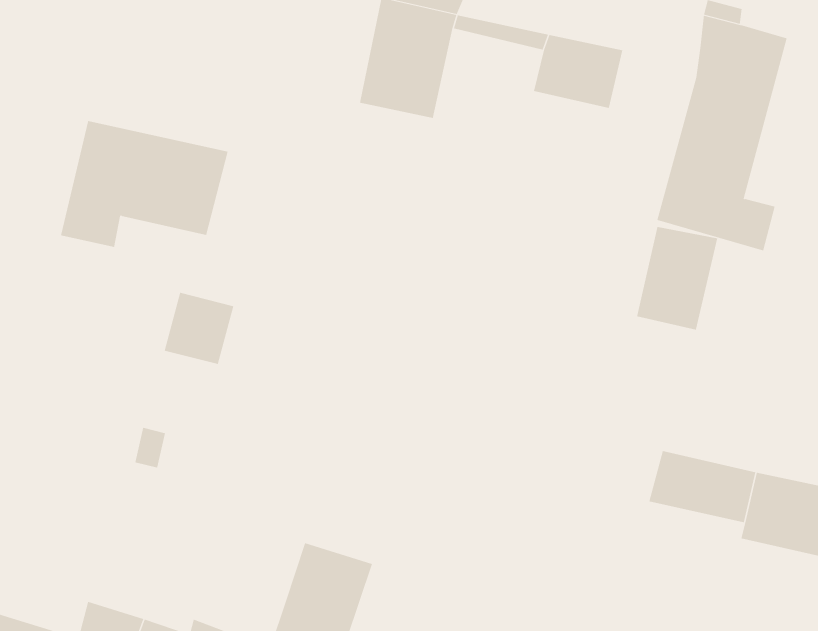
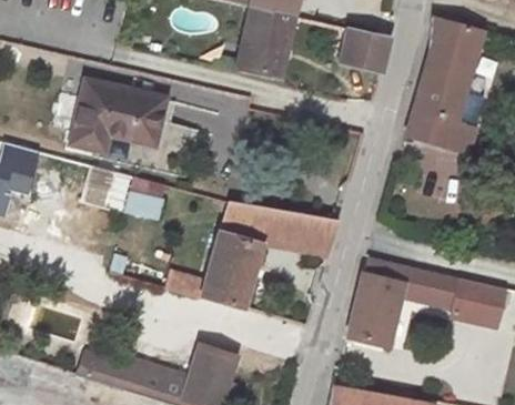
building: [636,226,718,331] -> none
building: none -> [160,202,340,308]
building: none -> [349,259,411,347]

